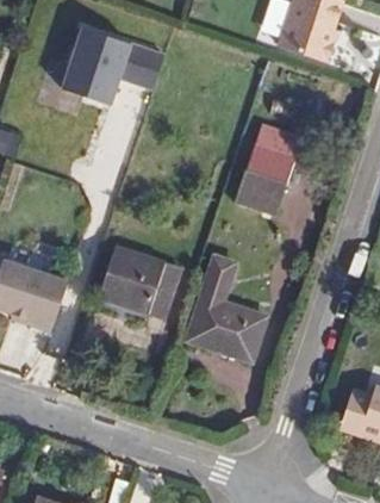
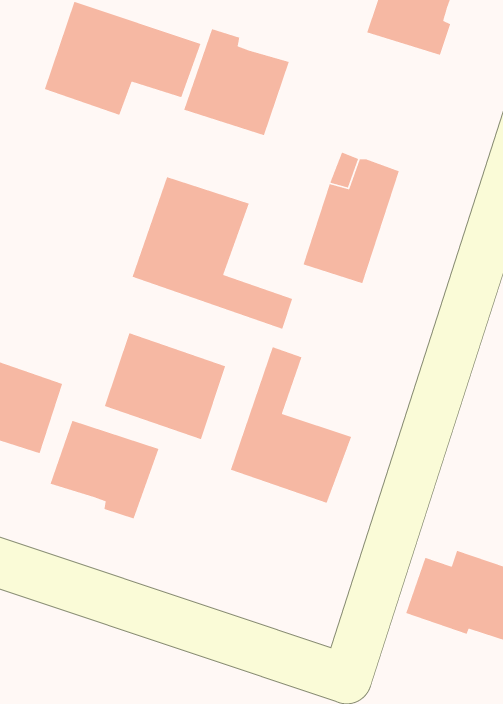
building: none -> [183,28,290,136]
building: none -> [131,176,293,330]
building: none -> [49,420,159,520]

